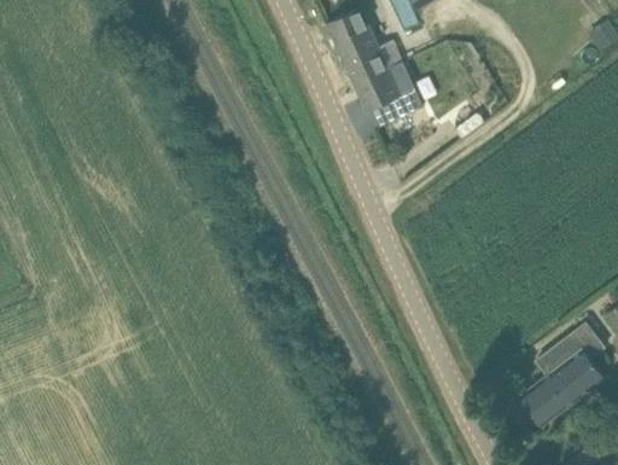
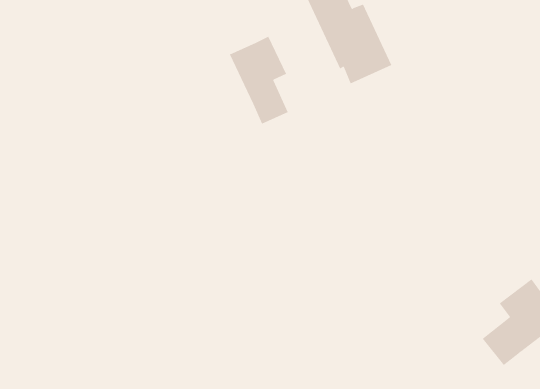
building: none -> [229,36,289,125]

